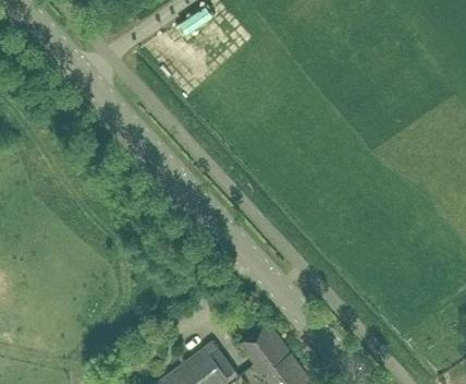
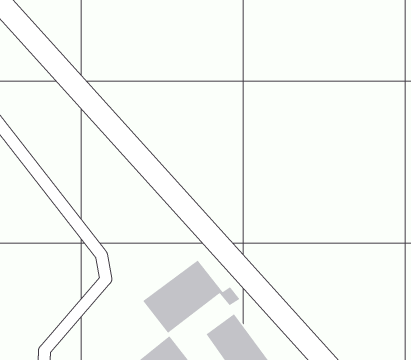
building: none -> [142,259,240,334]

